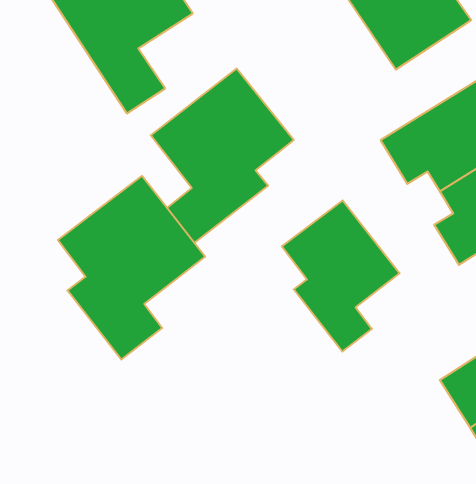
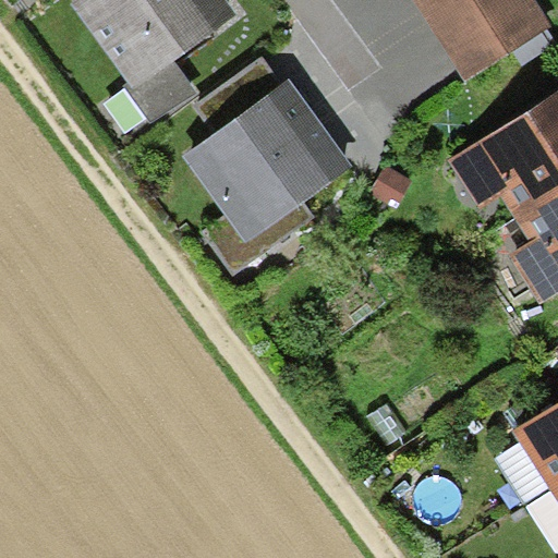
building: [58,176,205,360] -> none
building: [282,200,400,352] -> none

